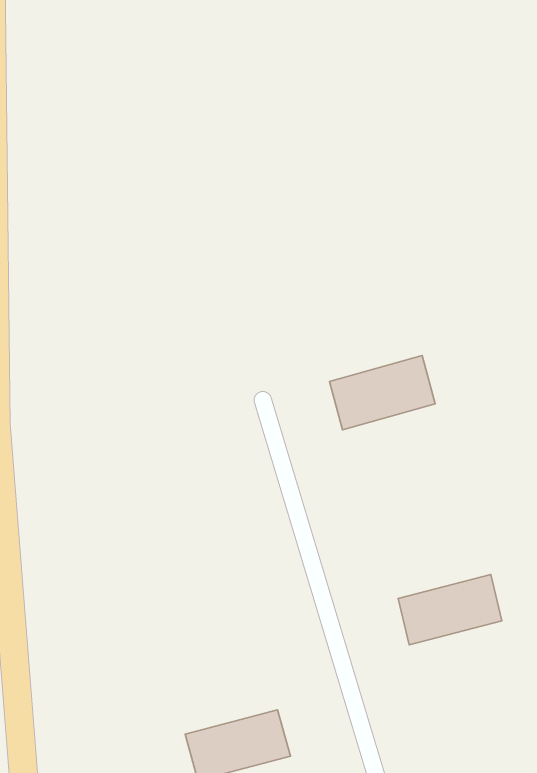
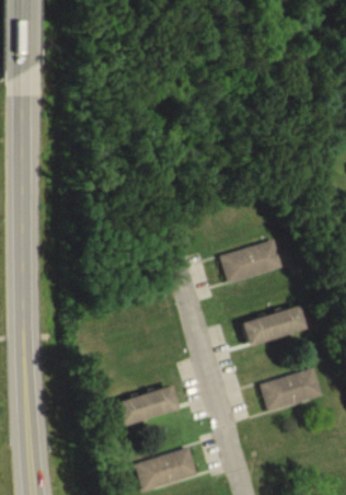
building: none -> [242,306,305,345]
building: none -> [114,385,178,426]

